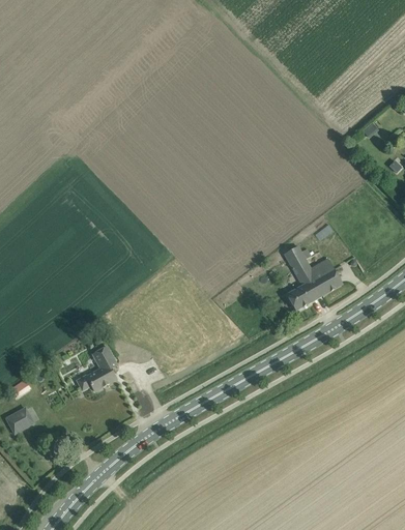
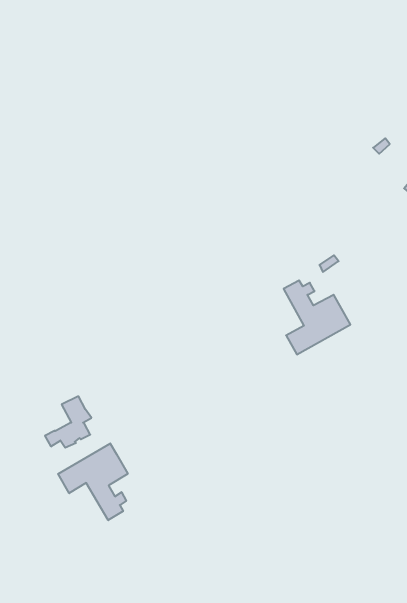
building: none -> [58,443,128,520]

